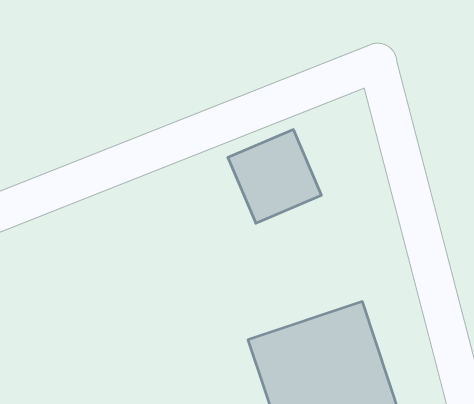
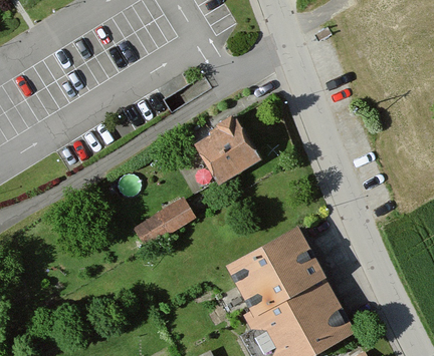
building: none -> [134,202,195,250]

